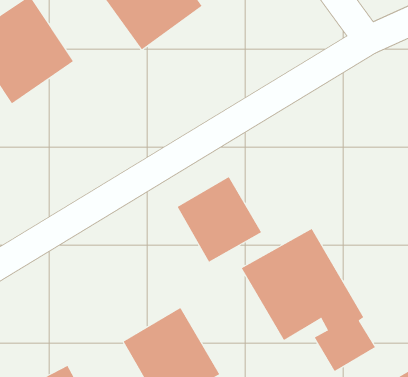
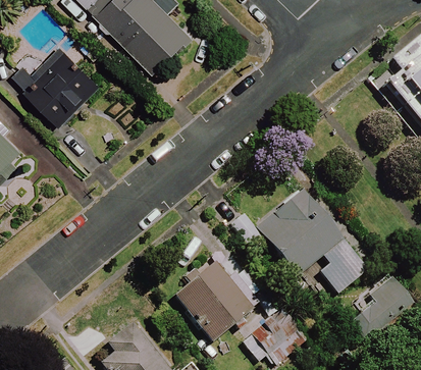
building: [177,176,262,262] -> none

